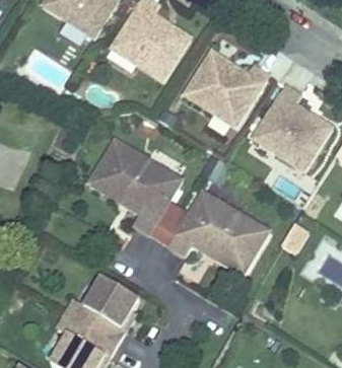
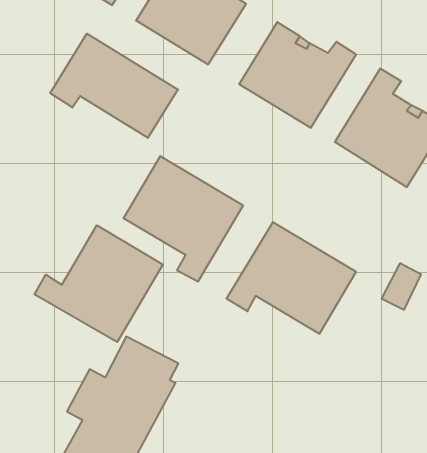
building: none -> [50,34,178,138]
building: none -> [34,225,163,342]

